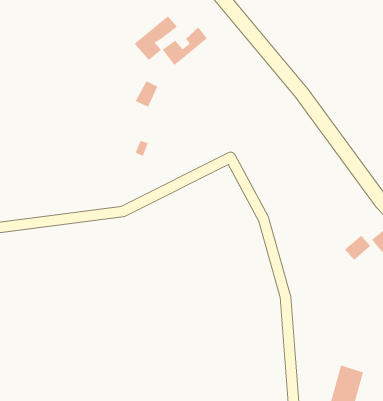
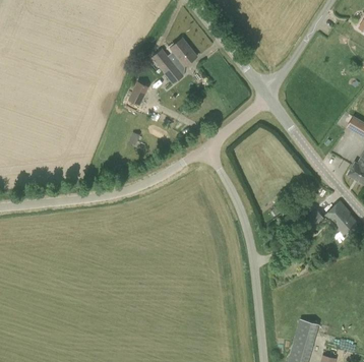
building: [134,15,178,61] -> [161,47,197,84]

